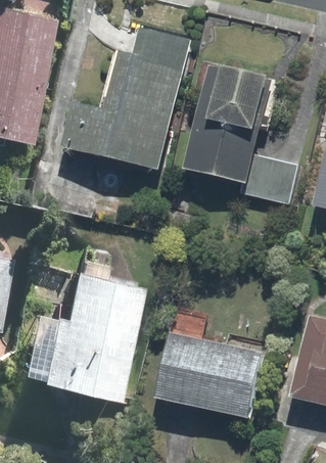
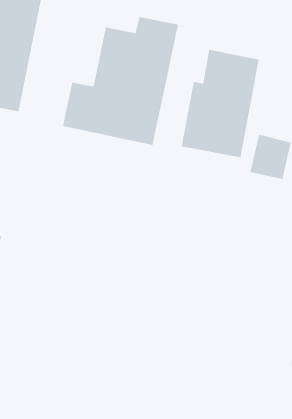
building: [41,270,132,390] -> none
building: [157,340,263,413] -> none

